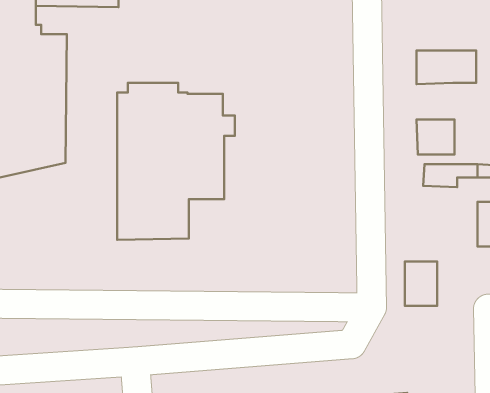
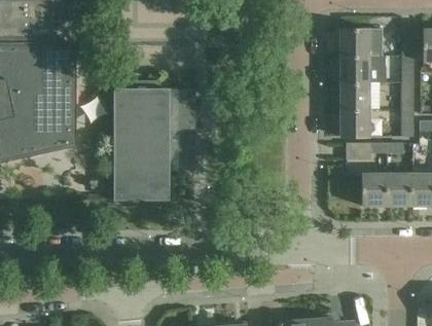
building: none -> [340,29,383,57]
building: none -> [340,81,369,109]
building: [405,261,437,306] -> [362,172,387,206]

